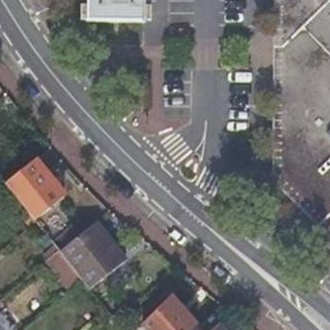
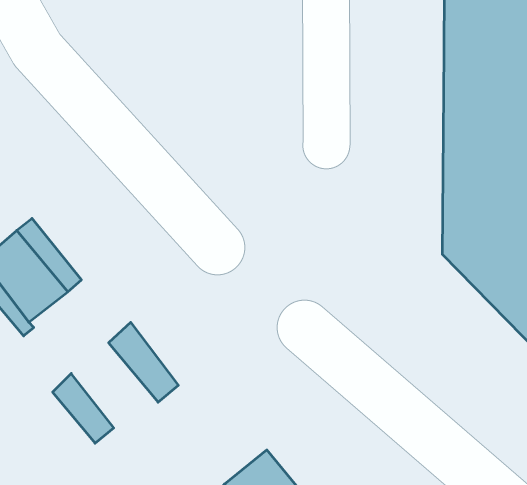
building: [58,230,109,285] -> none

